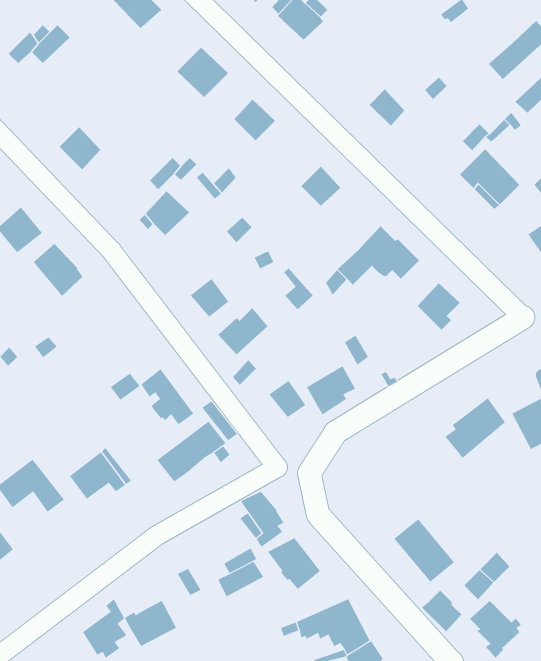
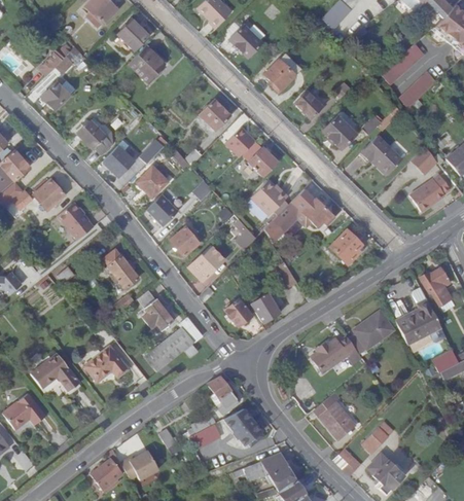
building: none -> [266,53,302,93]
building: [177,47,229,98] -> [130,45,167,81]
building: none -> [43,80,71,109]
building: none -> [325,116,357,148]
building: none -> [226,127,256,156]
building: none -> [104,144,137,177]
building: none -> [252,180,290,215]
building: none -> [147,193,179,224]
building: none -> [104,249,138,286]
building: none -> [312,336,360,373]

